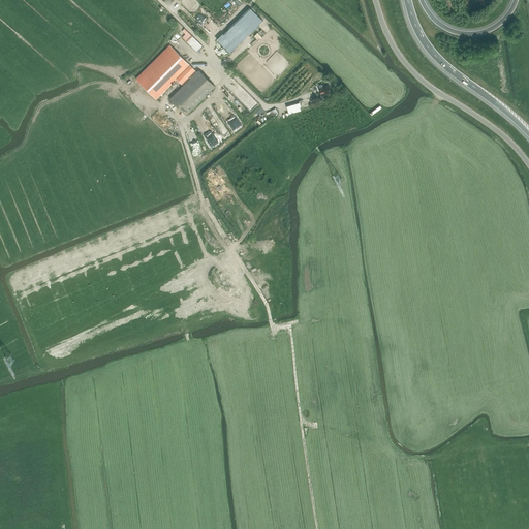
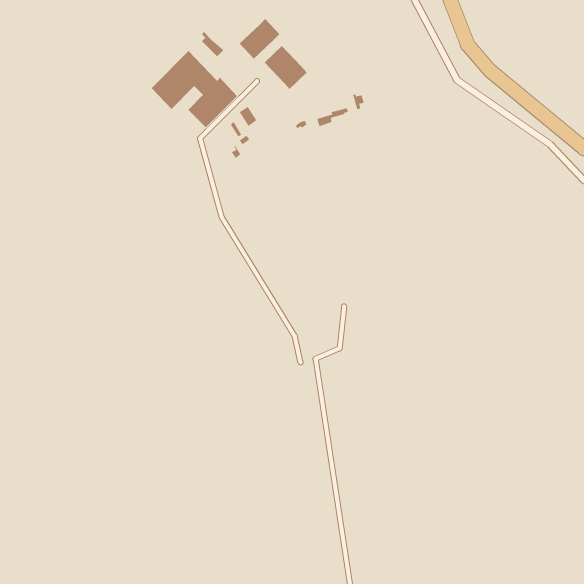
building: none -> [264,45,307,90]

